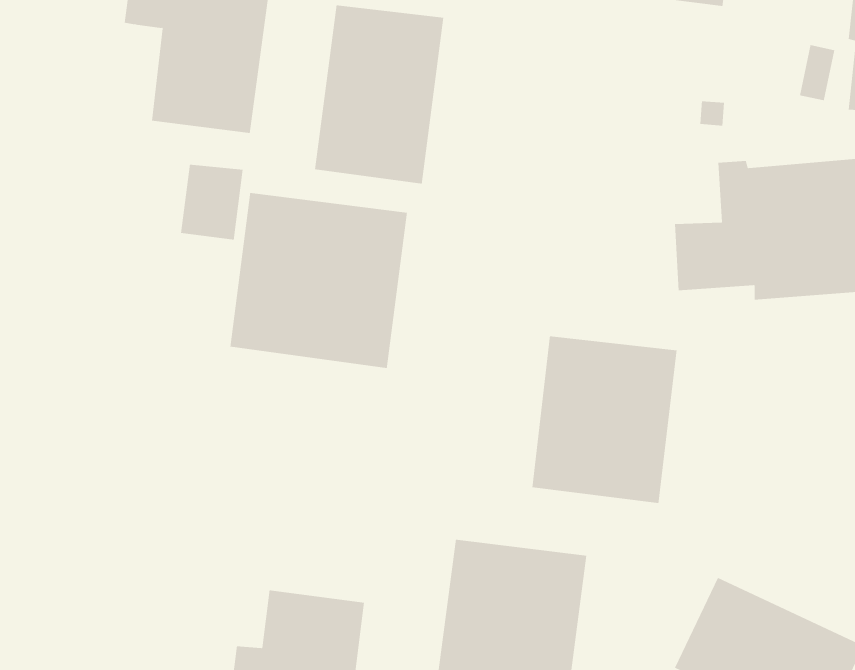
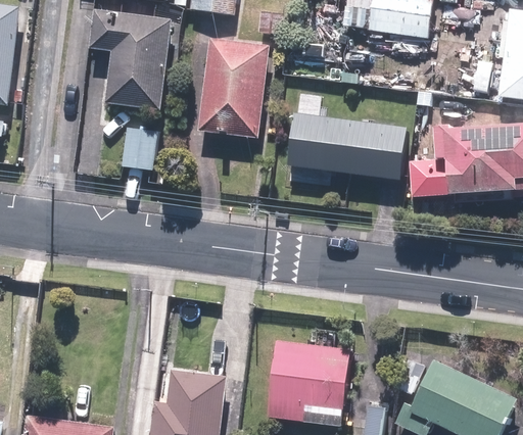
building: none -> [280,113,398,180]
building: [230,192,408,369] -> none
building: [532,336,677,504] -> none

